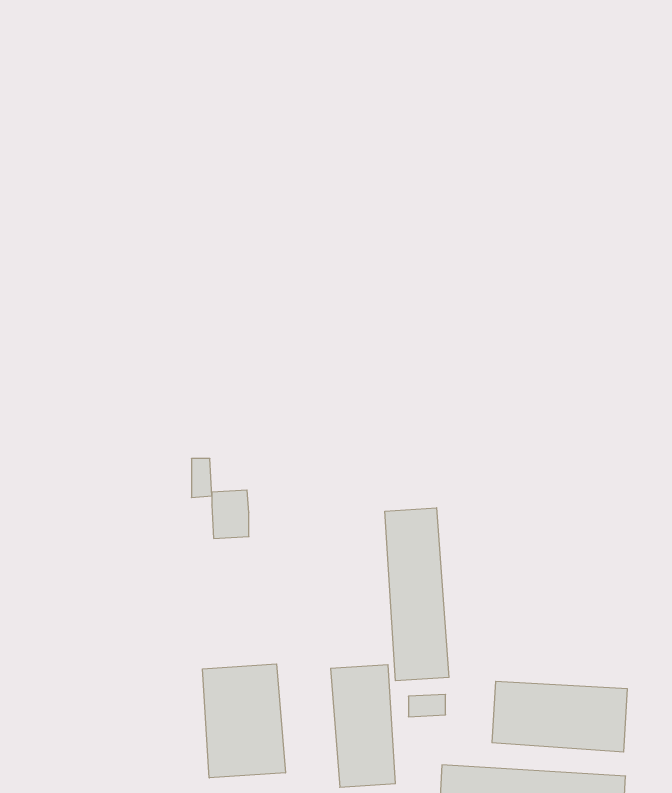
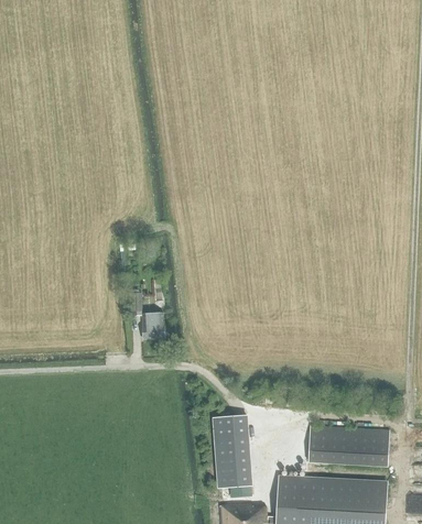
building: [385,508,449,681] -> none
building: [203,664,285,778] -> none

